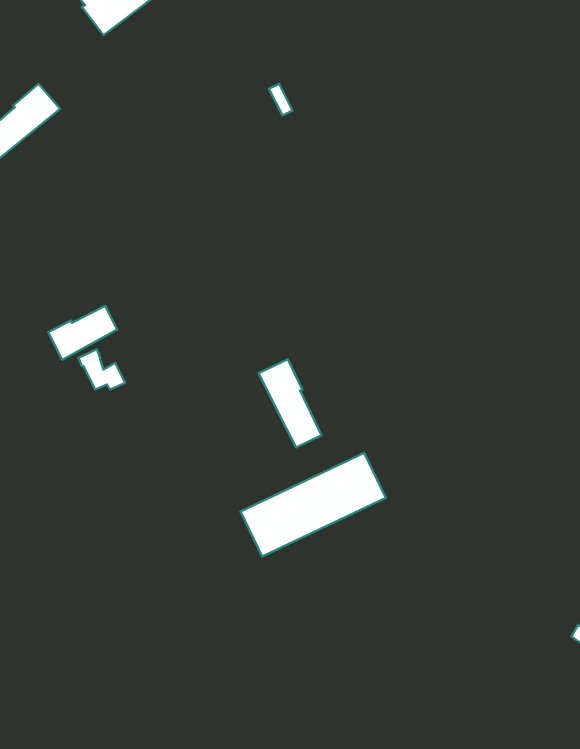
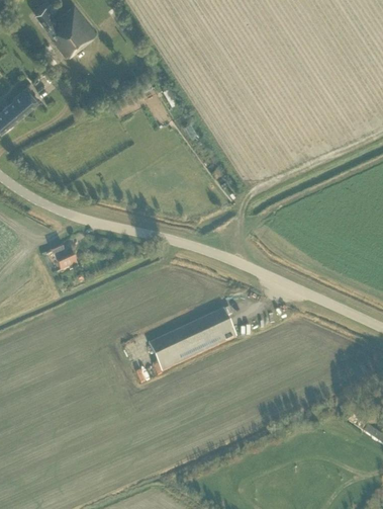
building: [48,306,117,360] -> none
building: [258,359,321,447] -> none

